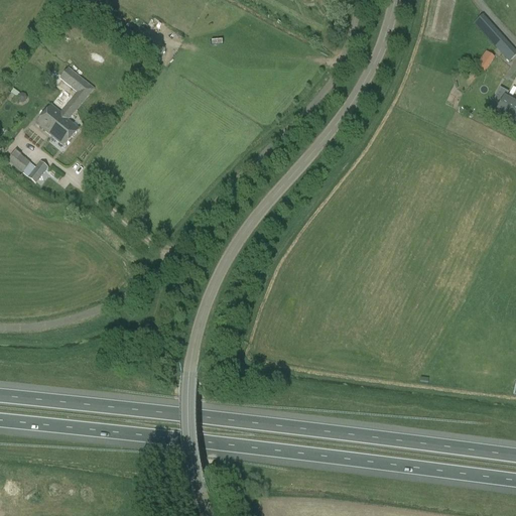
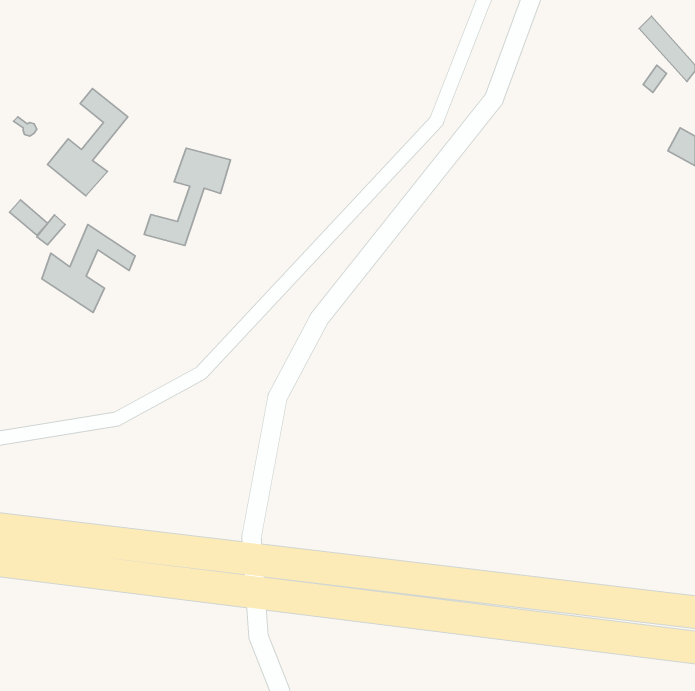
building: none -> [144,148,230,246]
building: none -> [42,224,135,313]

